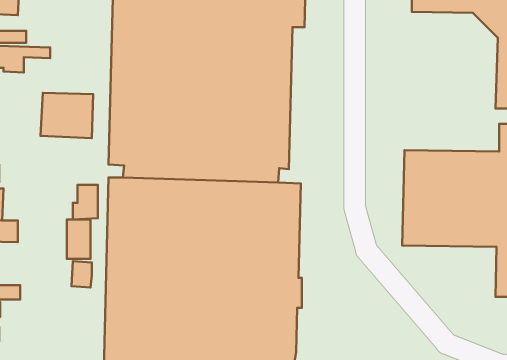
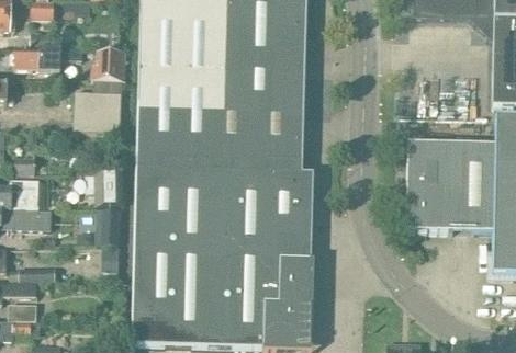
building: none -> [91,47,122,77]

